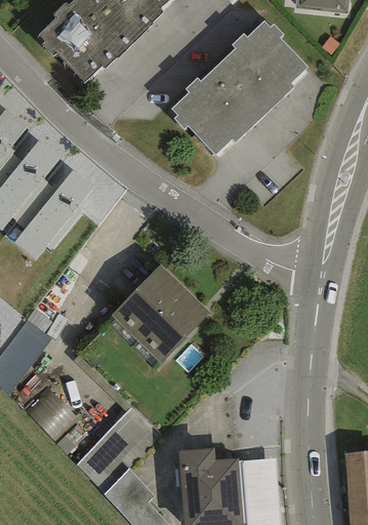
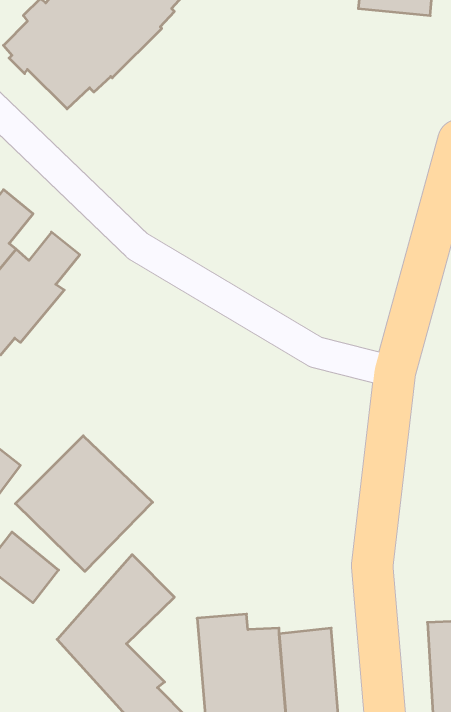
building: [171,21,308,156] -> none
building: [111,265,210,363] -> [15,436,153,571]

